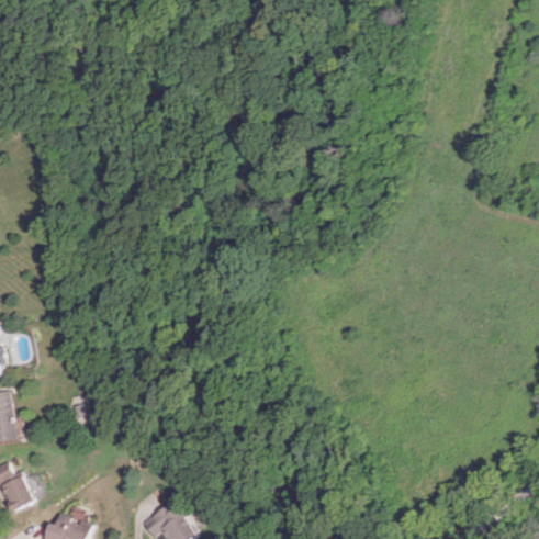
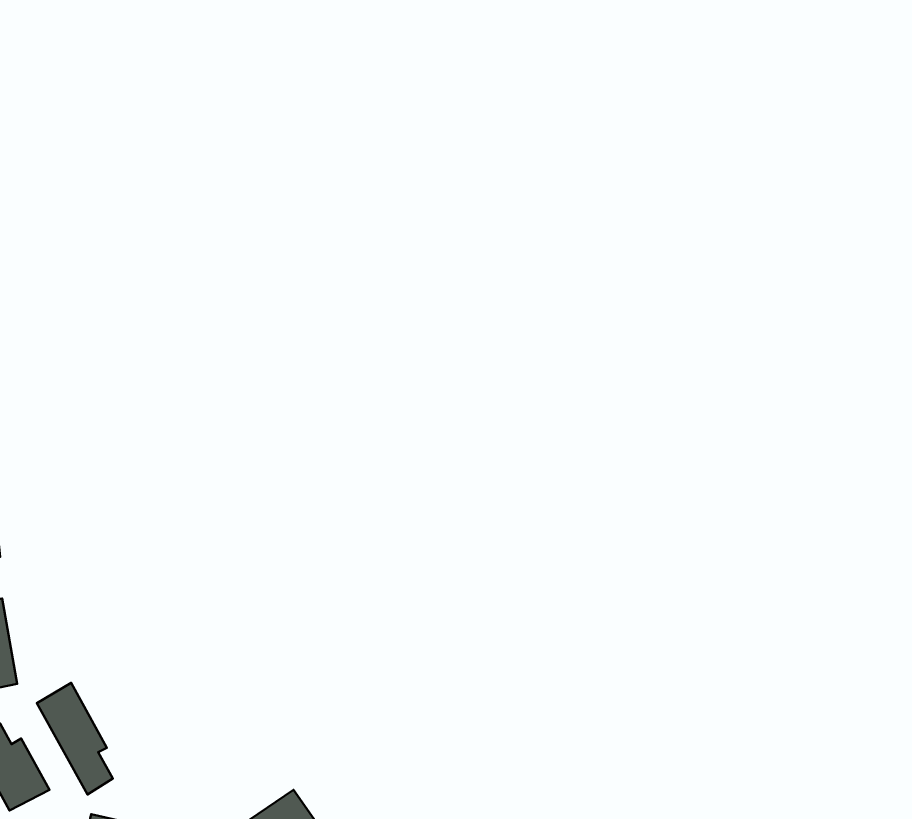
building: none -> [37,683,113,794]

